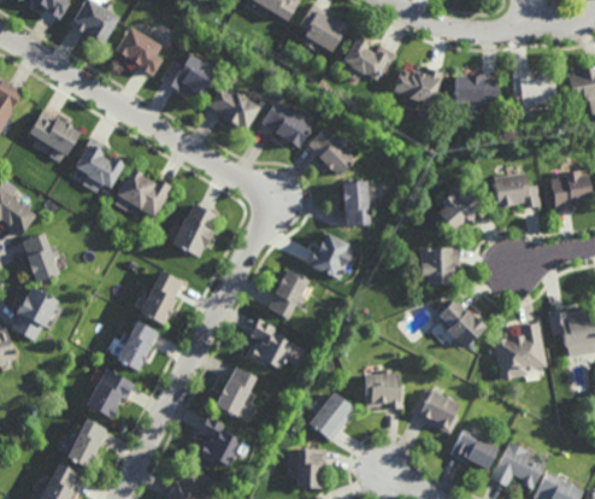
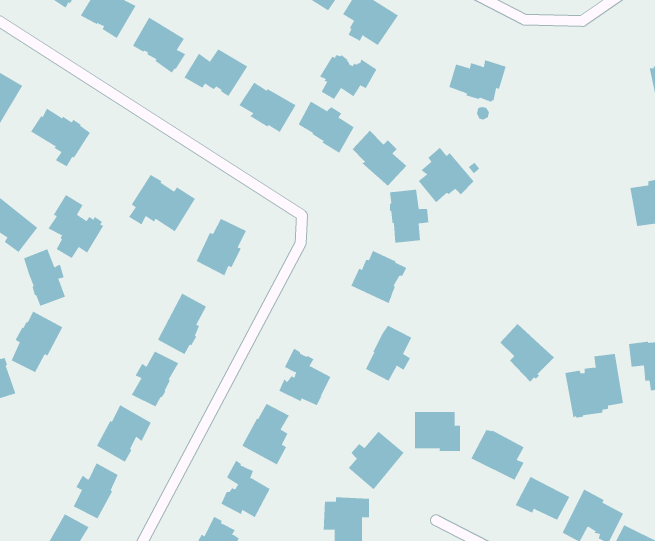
building: [343,41,394,81] -> [319,54,377,100]
building: [512,71,555,117] -> none
building: [454,74,497,110] -> none
building: [75,135,124,192] -> [47,194,104,259]
building: [493,171,541,209] -> none
building: [437,180,487,229] -> [418,147,475,203]
building: [418,246,458,284] -> none
building: [266,269,307,318] -> [365,325,412,382]

